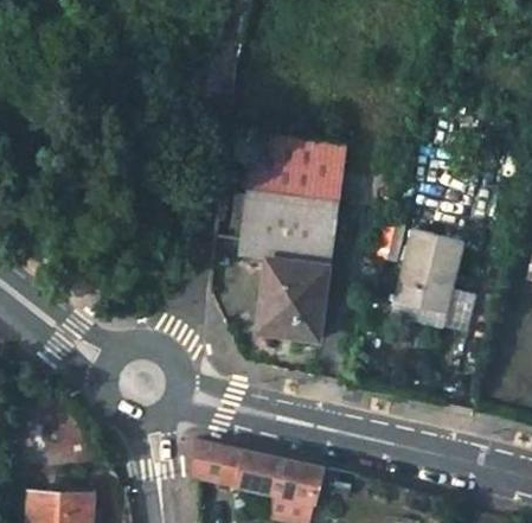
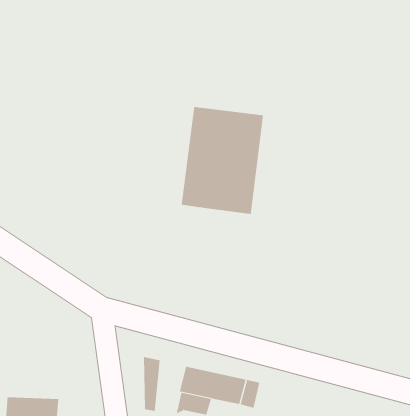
building: [396,231,464,314] -> none
building: [257,259,328,342] -> none

